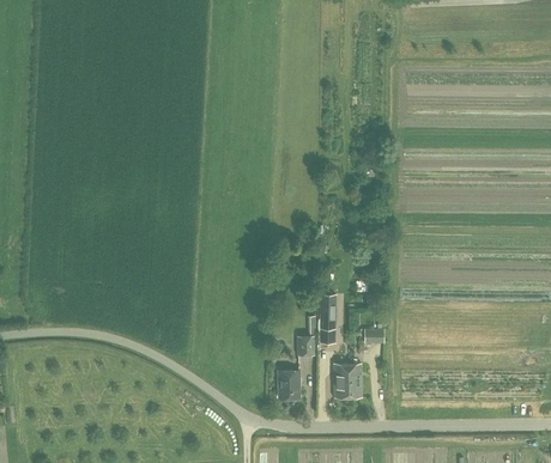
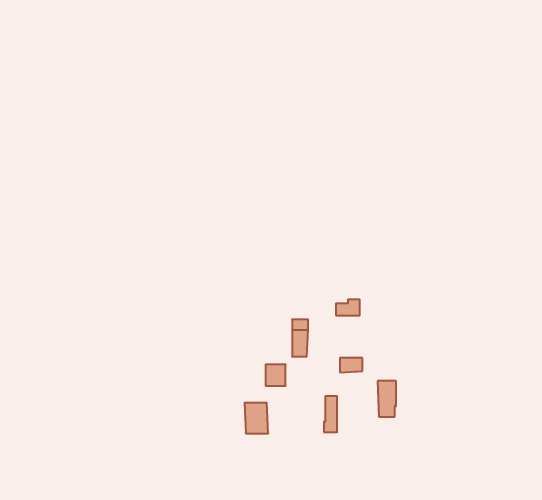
building: [333,363,350,395] -> [378,381,396,417]

